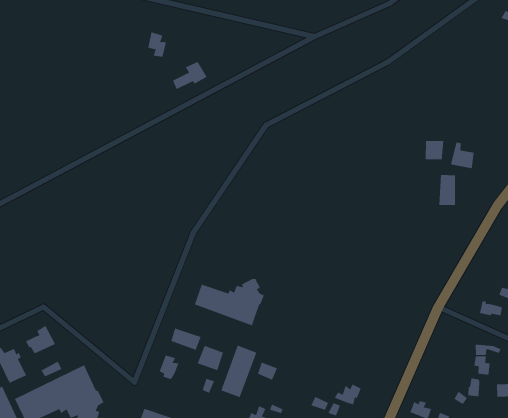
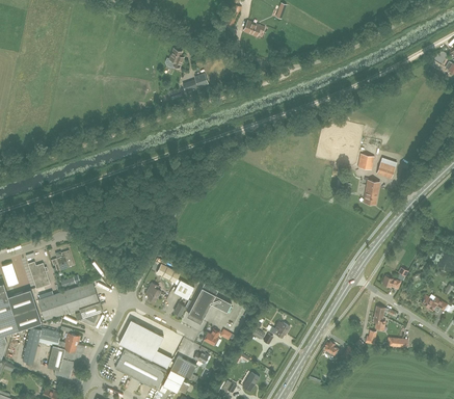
building: [194,278,264,326] -> none

